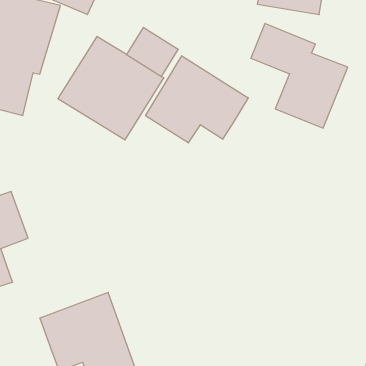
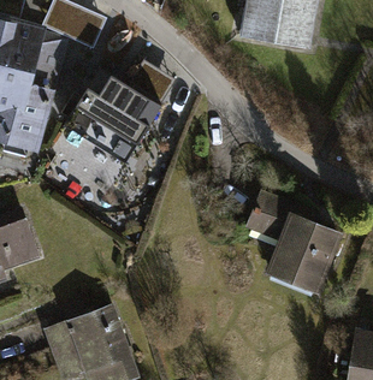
building: [251,23,348,128] -> [248,192,338,290]
building: [146,56,248,143] -> none

